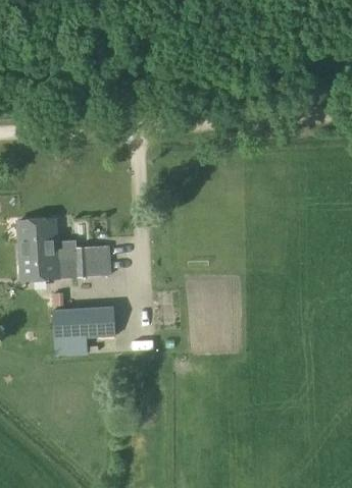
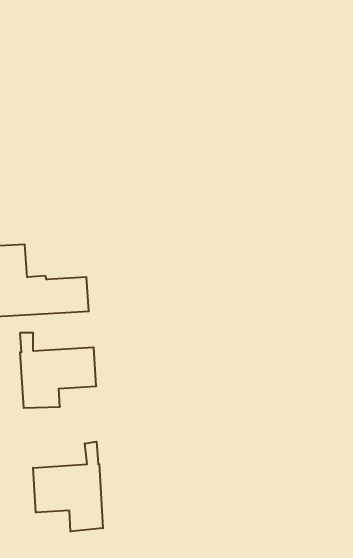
building: none -> [33,442,103,532]

